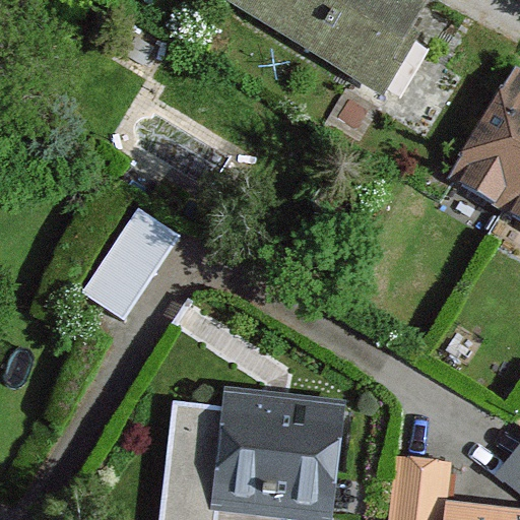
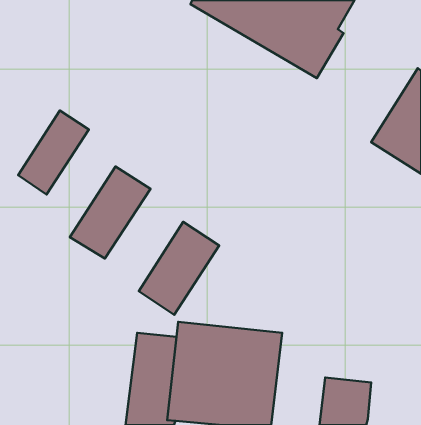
building: none -> [18,110,89,195]
building: none -> [139,222,219,315]

